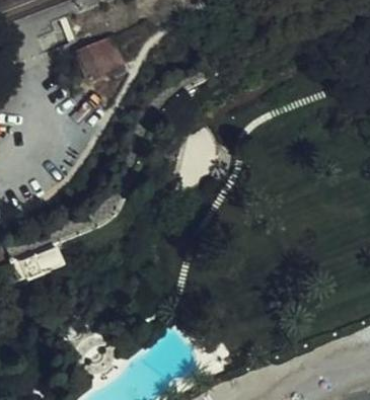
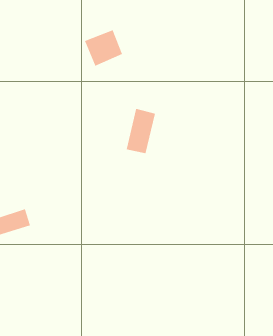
building: [72,42,117,84] -> [84,29,123,66]

